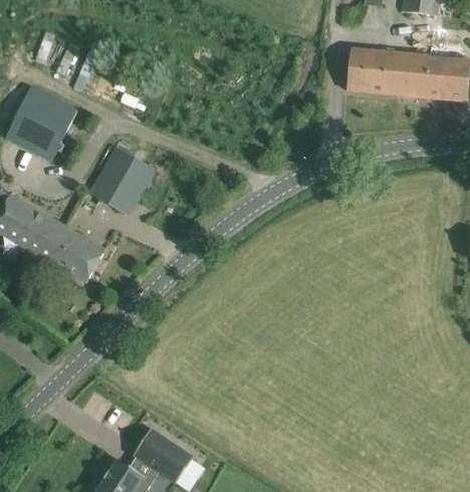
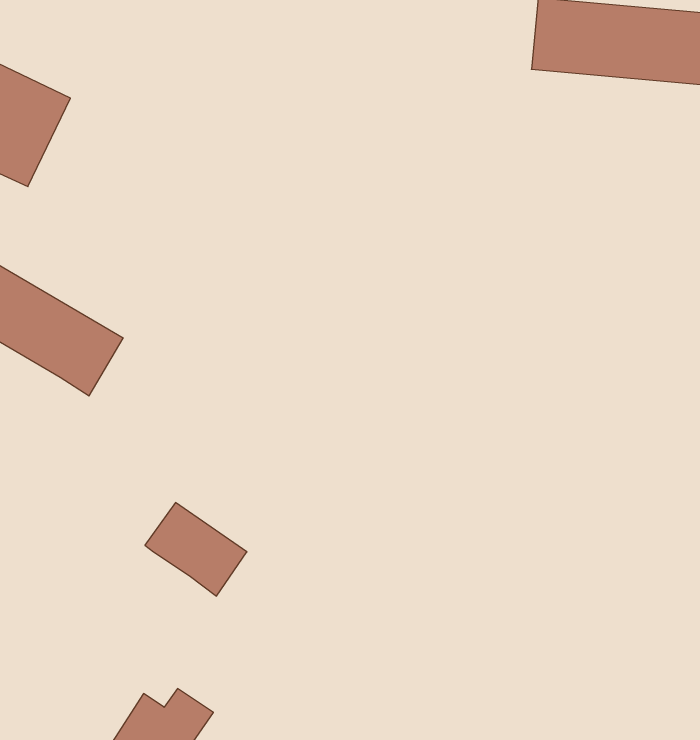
building: [88,148,153,214] -> none
building: [133,427,193,482] -> [145,503,247,596]

